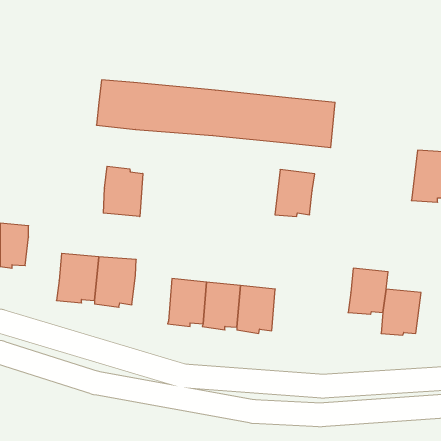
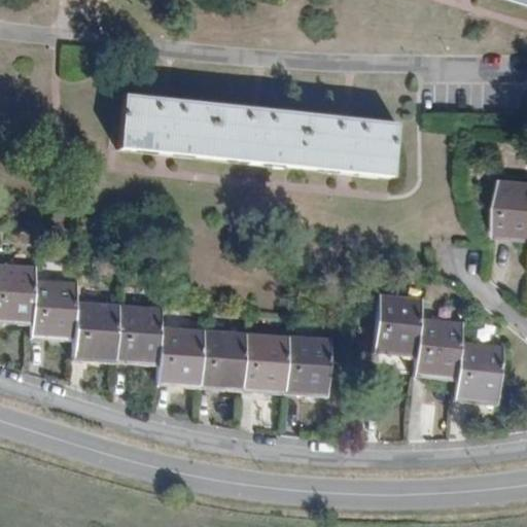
building: [103,166,143,217] -> none
building: [275,170,315,216] -> [378,293,425,349]
building: none -> [32,281,77,336]
building: none -> [159,326,207,385]

